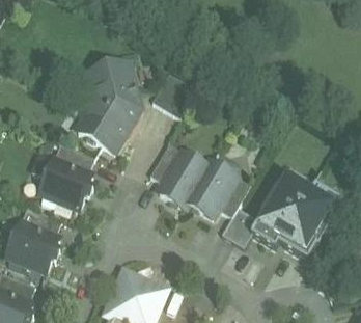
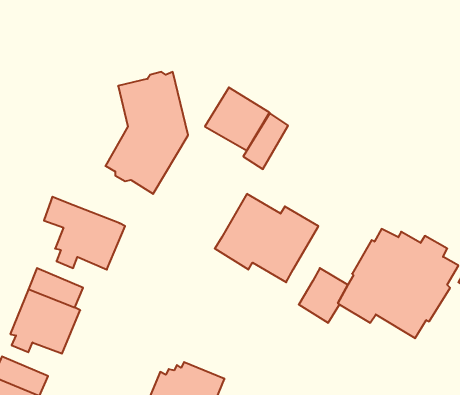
building: [150,142,184,184] -> [243,113,288,169]
building: [55,144,95,173] -> none
building: [218,176,251,216] -> none

